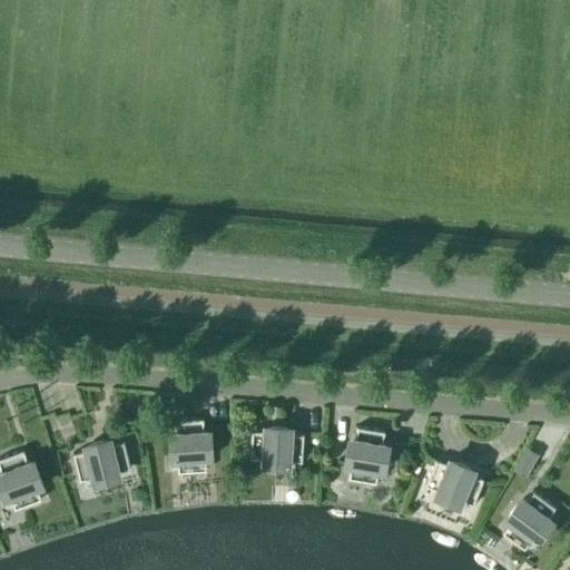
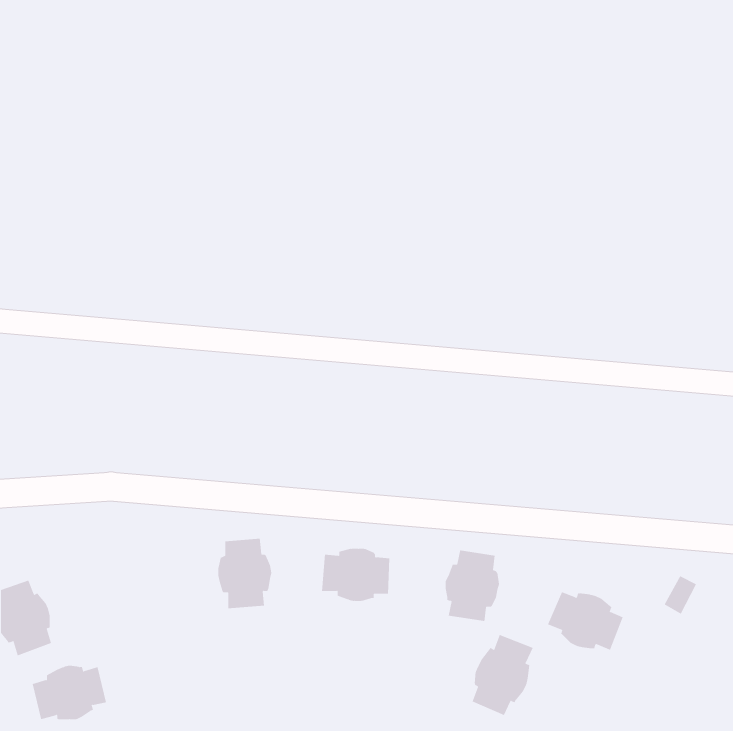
building: [73,441,131,483] -> [32,665,107,720]
building: [503,492,557,551] -> none
building: none -> [472,634,534,716]

